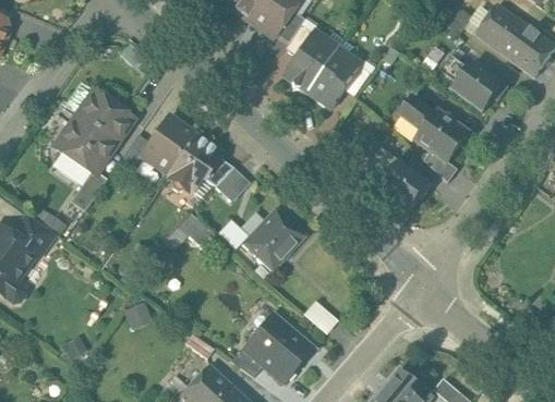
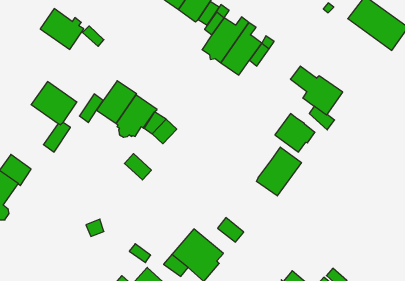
building: [442,57,507,112] -> none
building: [75,90,133,145] -> [40,9,84,49]
building: none -> [257,147,301,196]
building: [240,208,305,271] -> none

